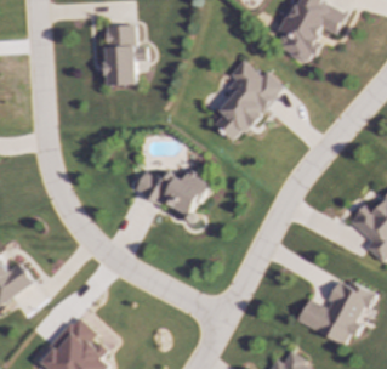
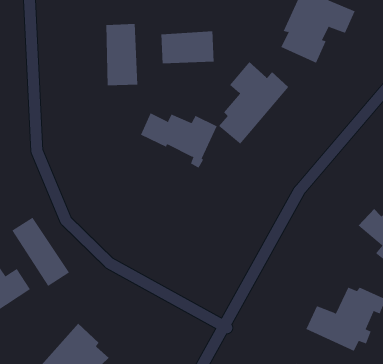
building: none -> [161,31,214,64]
building: [135,169,210,223] -> [140,113,218,169]
building: none -> [12,217,70,287]

